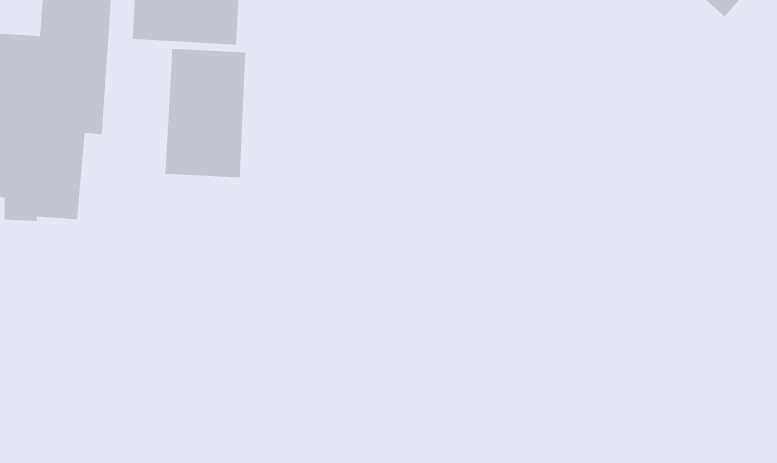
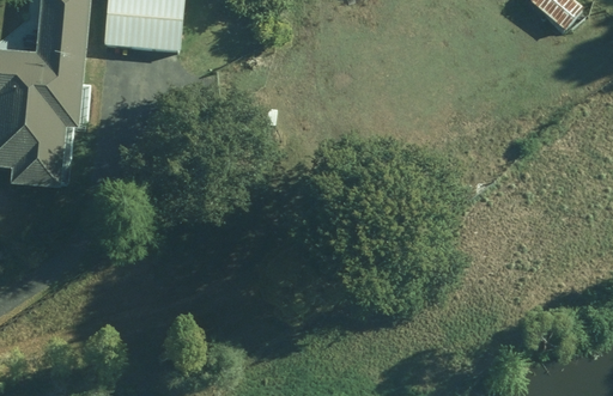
building: [165,48,246,178] -> none

